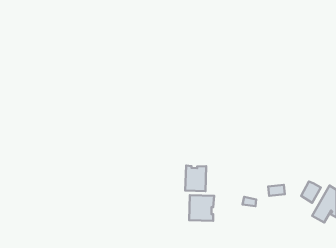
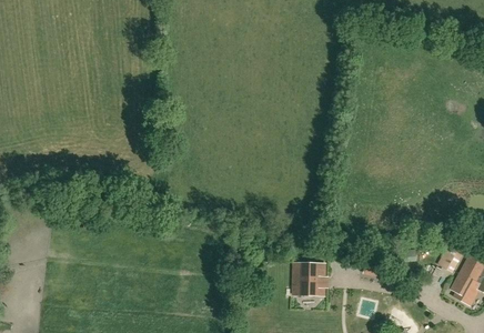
building: [185,166,206,191] -> none

